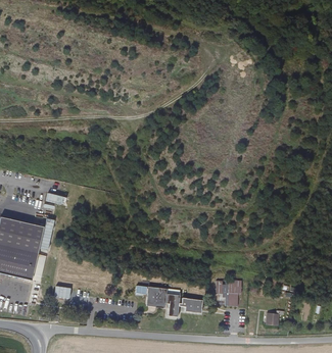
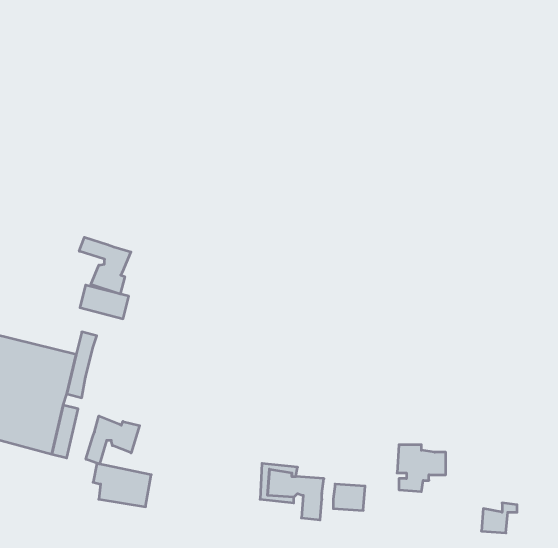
building: none -> [79,237,131,294]
building: none -> [86,416,140,464]

